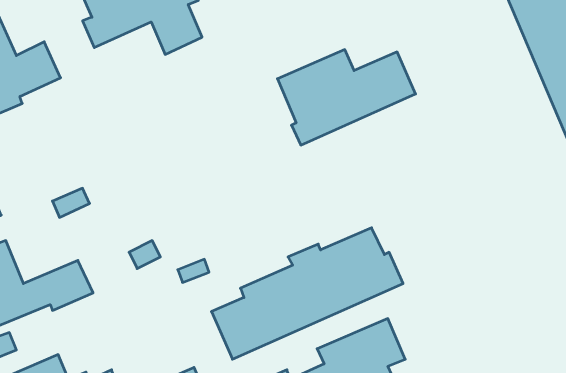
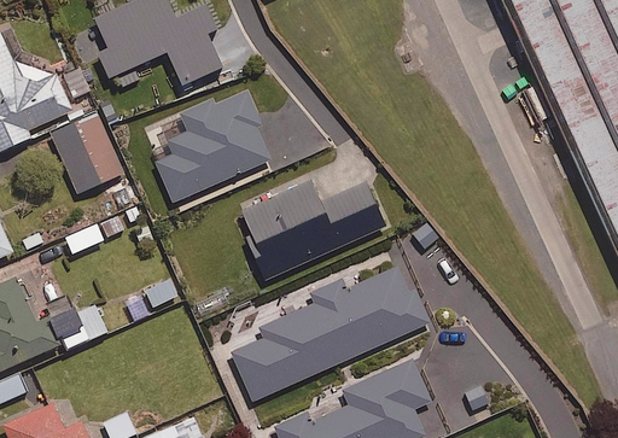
building: [277,50,416,145] -> [239,181,383,280]
building: none -> [154,93,269,203]
building: none -> [49,113,122,194]

